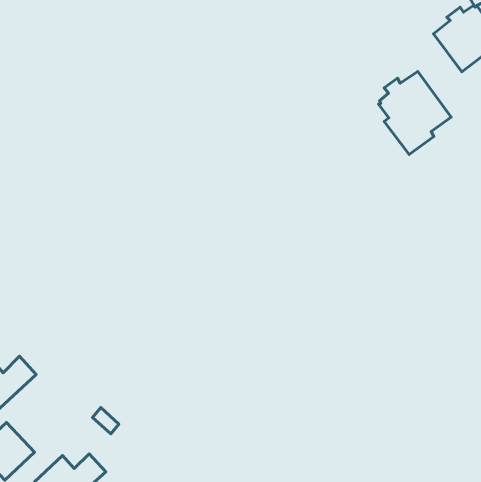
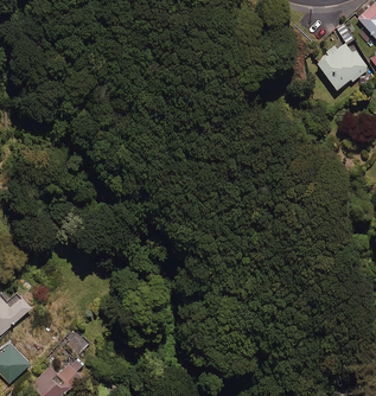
building: [379,72,451,154] -> none

